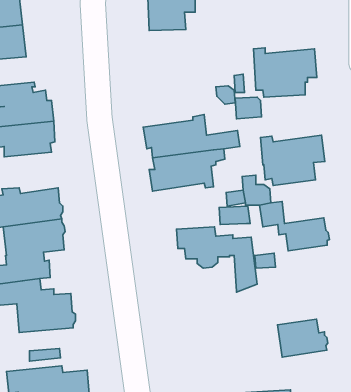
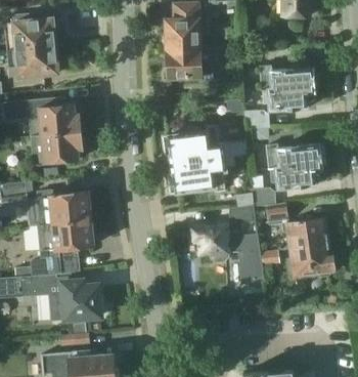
building: none -> [168,48,214,82]
building: [277,319,328,357] -> [292,242,337,276]

